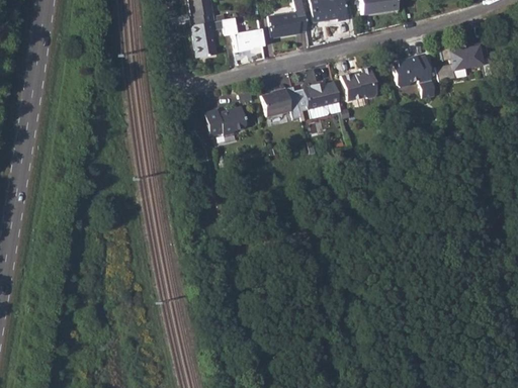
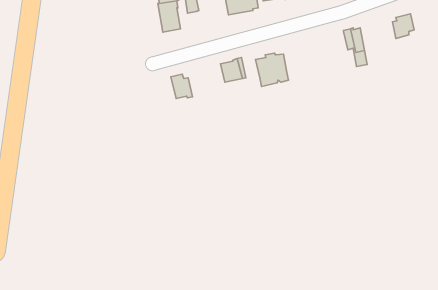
building: [236,29,264,53] -> none
building: [437,43,467,81] -> none
building: [393,58,412,84] -> none
building: [343,68,376,101] -> none
building: [227,105,248,133] -> none

